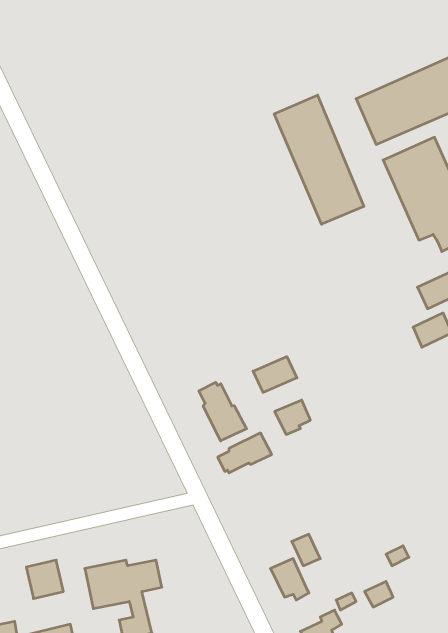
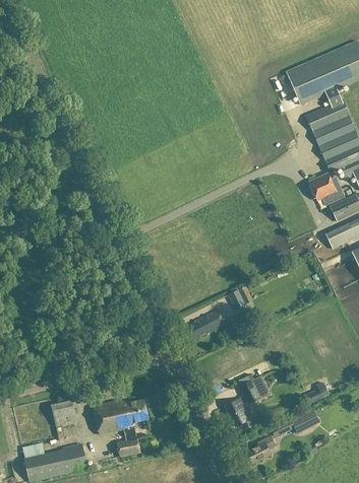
building: [274,95,364,224] -> none
building: none -> [309,172,345,202]
building: [253,357,297,392] -> none
building: [199,382,247,441] -> none

